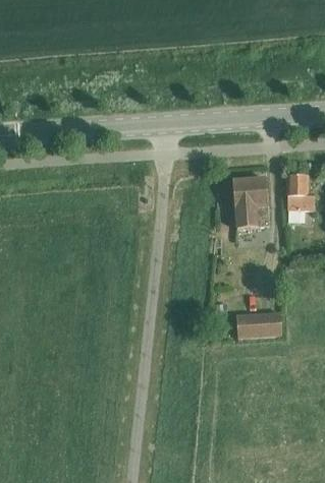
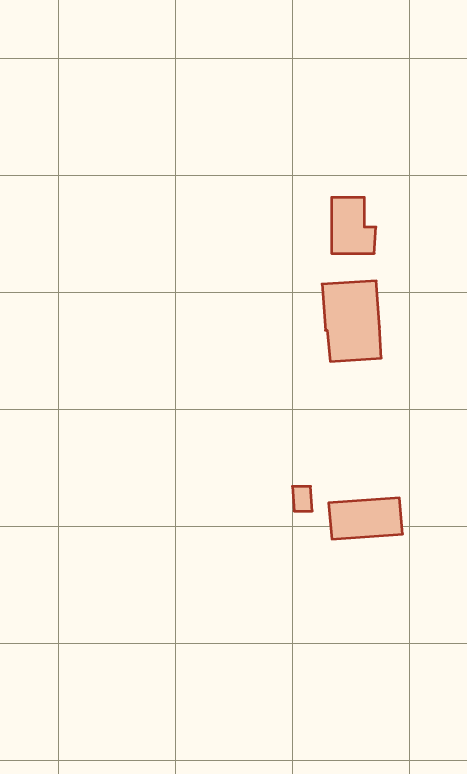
building: [287,174,315,208] -> [332,197,376,253]

